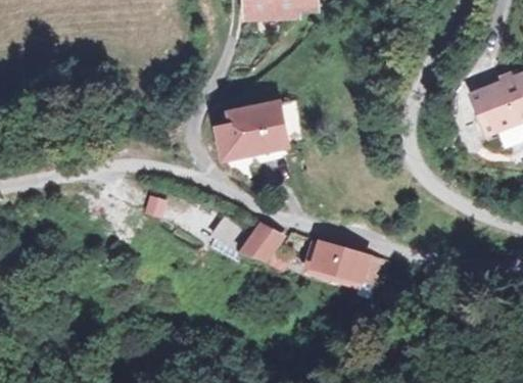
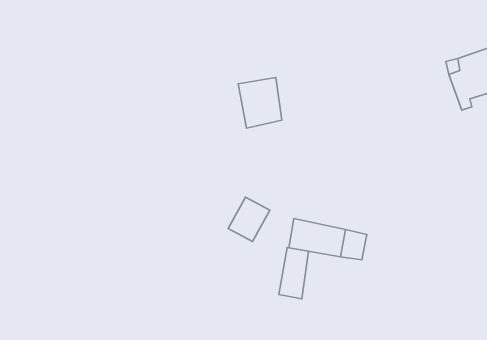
building: [208,107,260,162] -> none
building: none -> [279,248,309,299]

